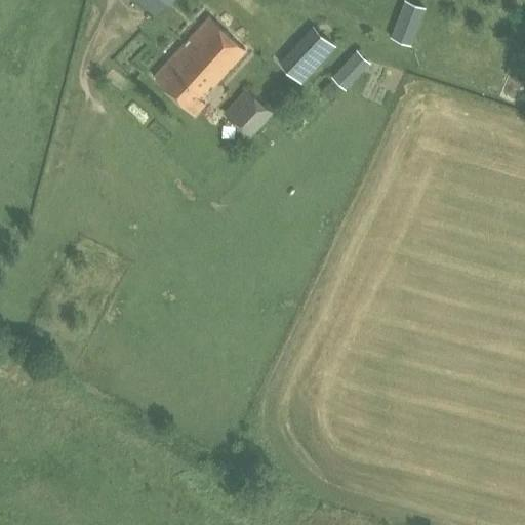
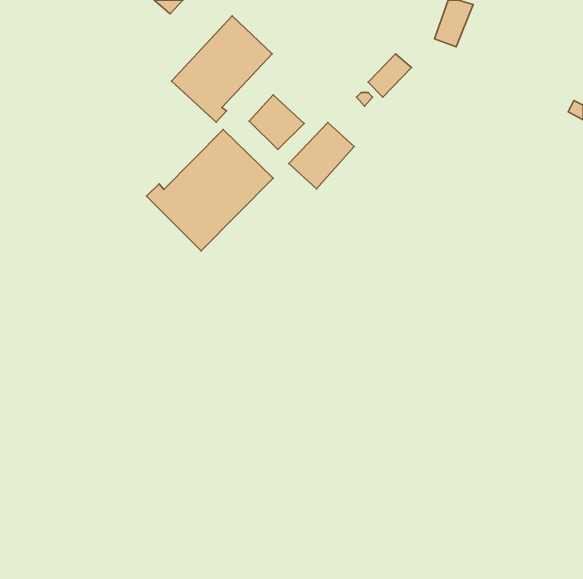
building: [276,26,334,85] -> [289,122,354,189]
building: none -> [147,129,273,251]

